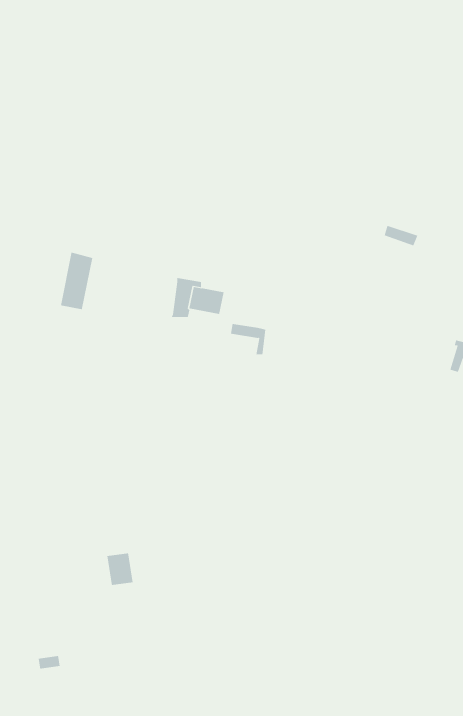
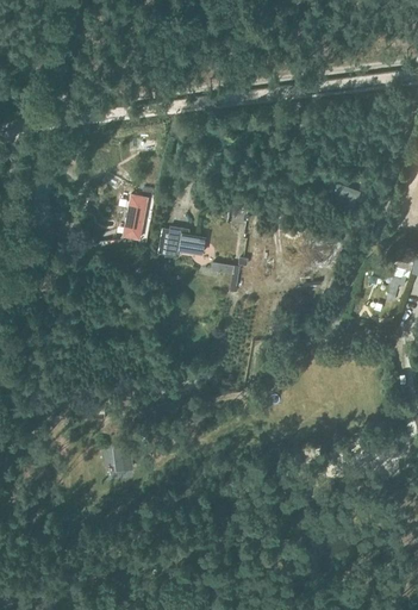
building: [60,252,93,310] -> [121,193,148,239]

